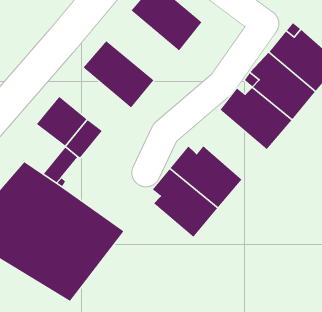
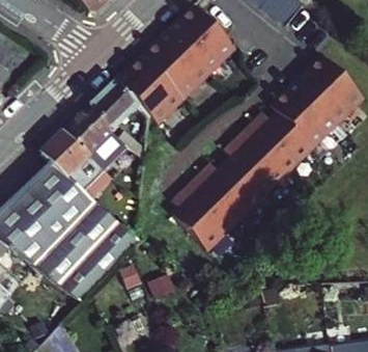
building: none -> [140,30,208,99]
building: none -> [90,80,150,130]
building: none -> [222,133,283,201]
building: none -> [39,130,91,178]

